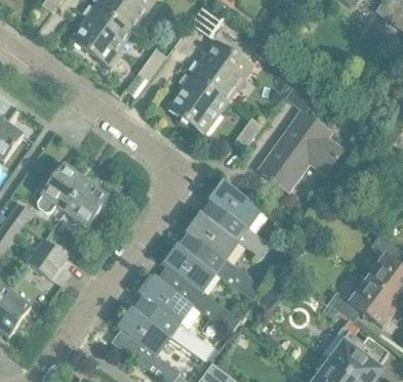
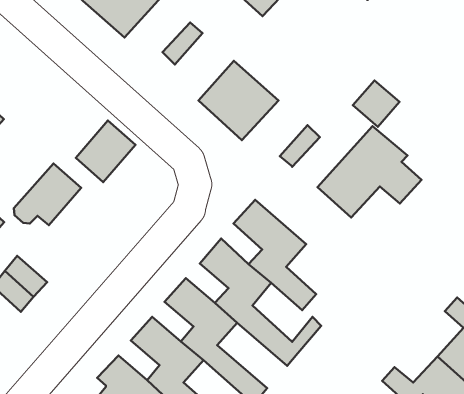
building: [191,41,251,100] -> none
building: [64,181,108,228] -> [76,120,135,182]

